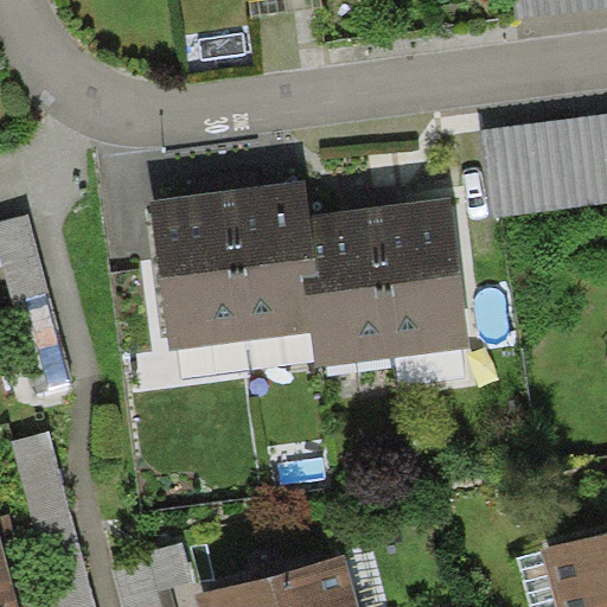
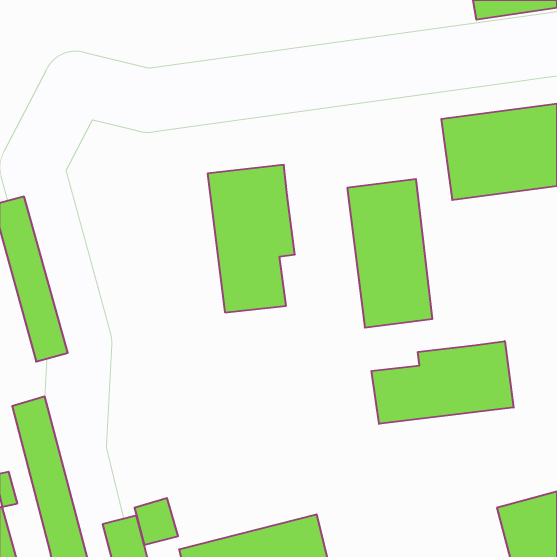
building: [149,190,244,351] -> none
building: [304,205,396,368] -> none
building: none -> [372,341,514,424]

